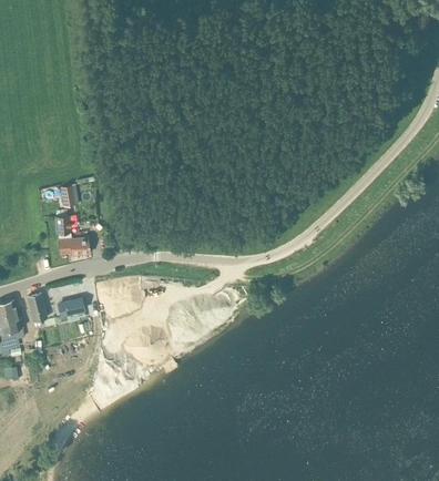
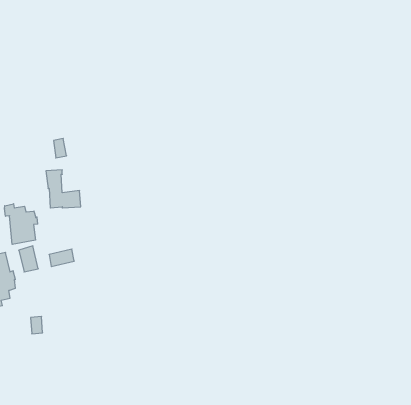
building: none -> [5,204,38,244]

